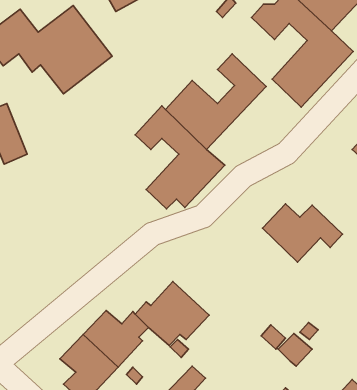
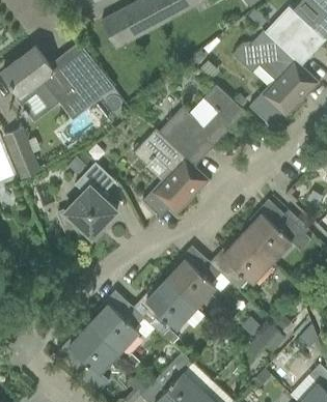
building: none -> [56,163,117,243]
building: none -> [222,234,272,291]
building: none -> [165,259,216,309]

